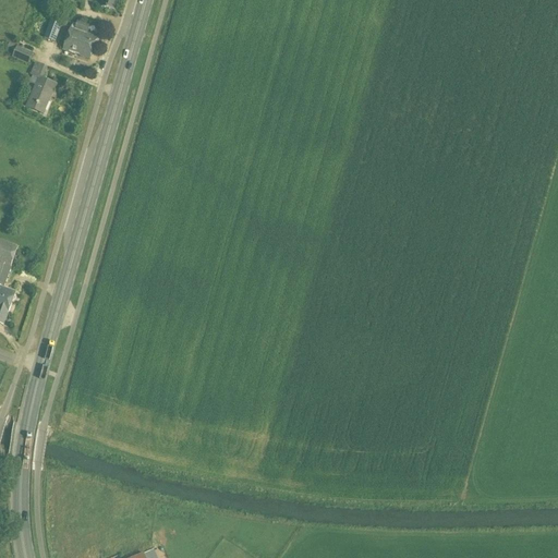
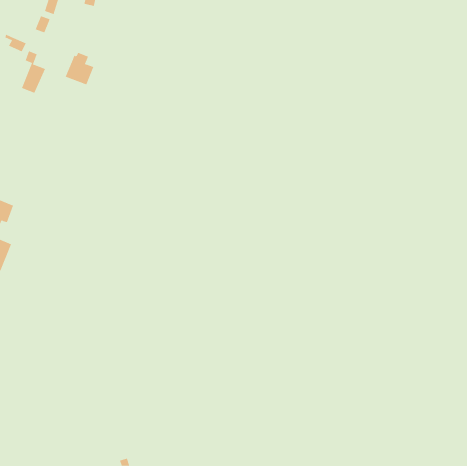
building: [61,17,96,57] -> [65,52,94,85]

